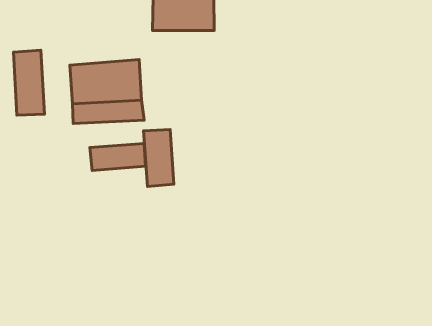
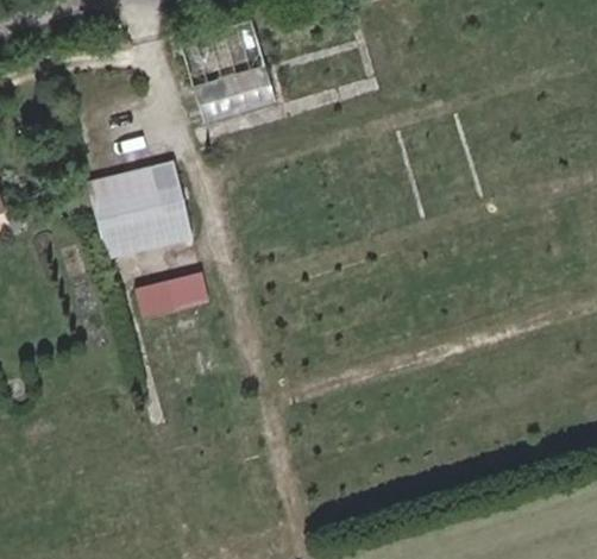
building: [13,50,45,115] -> none
building: [143,130,174,187] -> none

